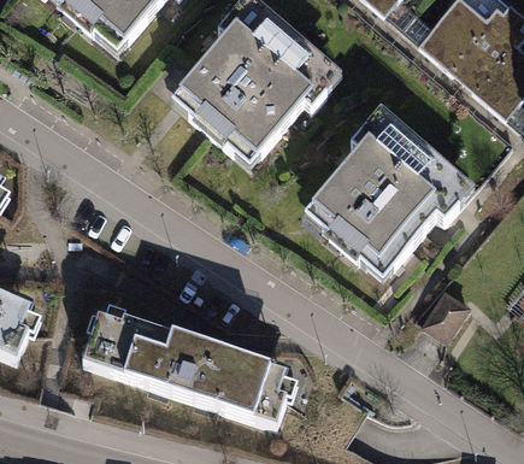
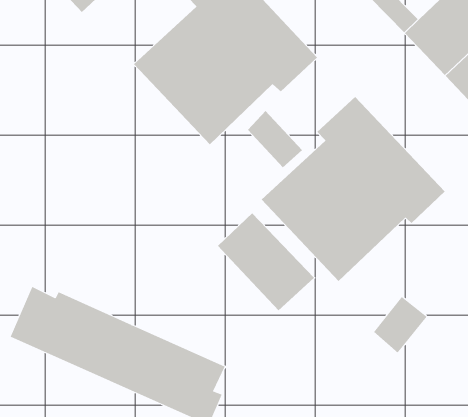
building: none -> [247,110,303,168]
building: none -> [217,213,315,311]

